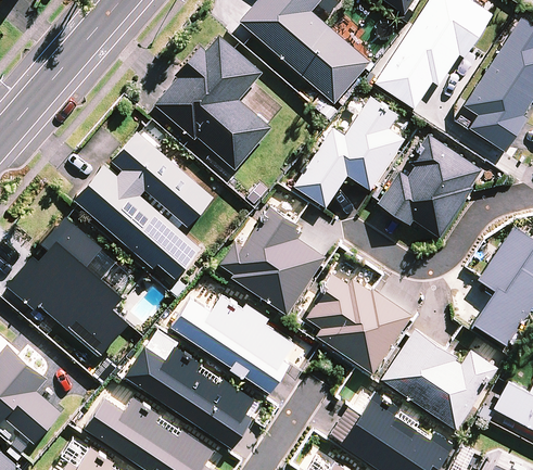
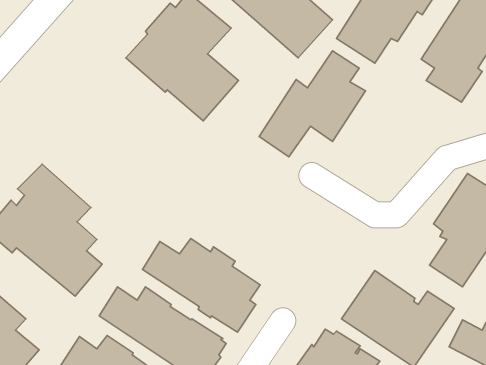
building: [74,131,214,279] -> none
building: [376,136,481,238] -> none
building: [218,206,326,316] -> none
building: [305,275,411,376] -> none

